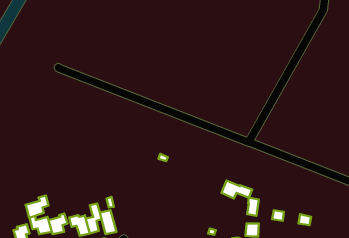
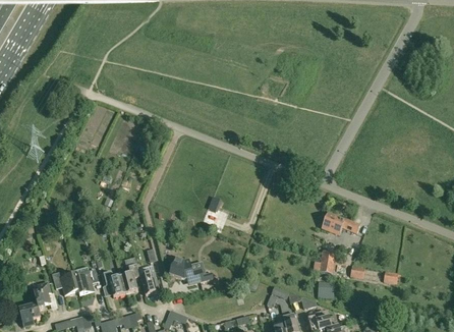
building: [222,180,252,199] -> [323,212,360,234]
building: [26,195,49,218] -> none
building: none -> [169,262,213,282]

